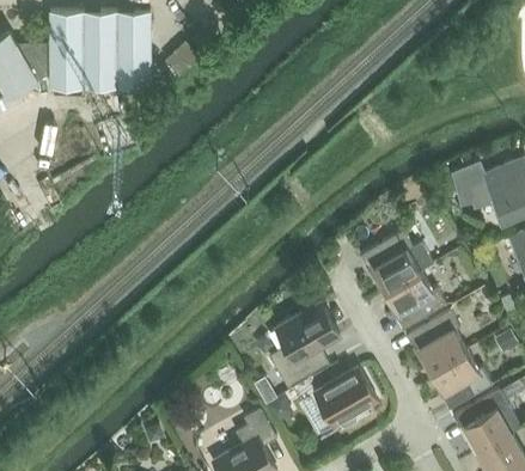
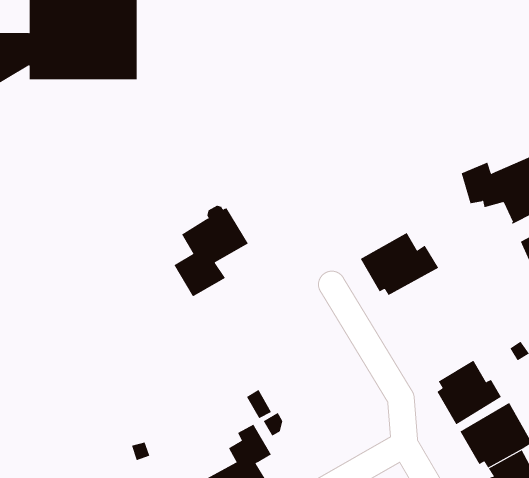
building: [386,270,447,330] -> none
building: [270,300,341,386] -> [173,205,249,297]
building: [407,310,466,369] -> none
building: [315,367,378,428] -> none

